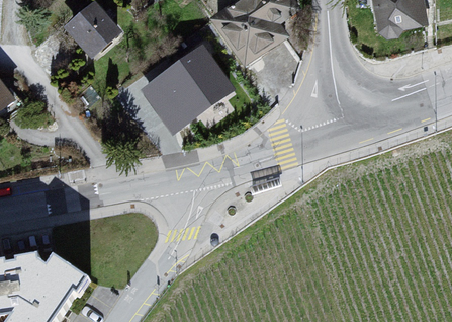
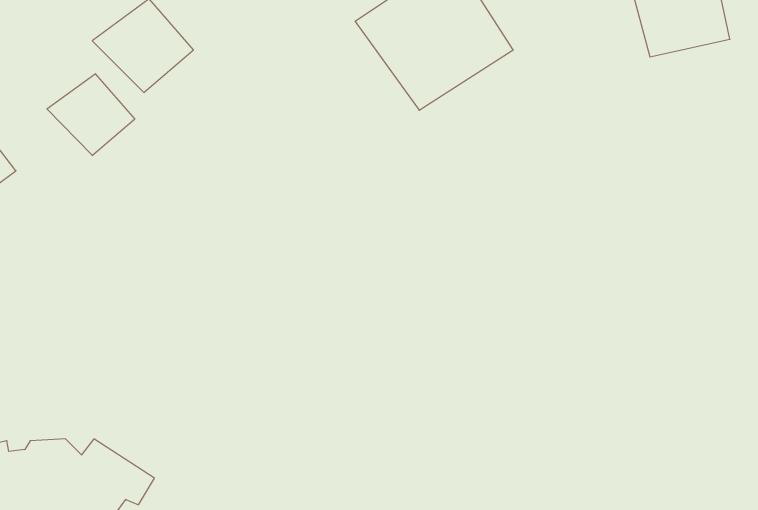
building: [139,38,234,125] -> none
building: none -> [47,74,135,156]

